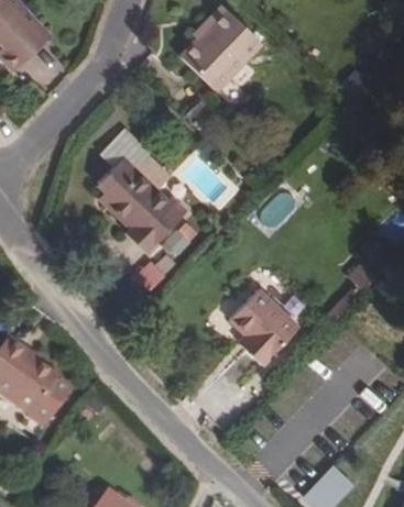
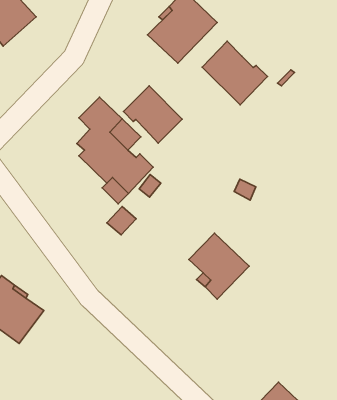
building: none -> [202,41,267,105]
building: none -> [123,86,182,143]

